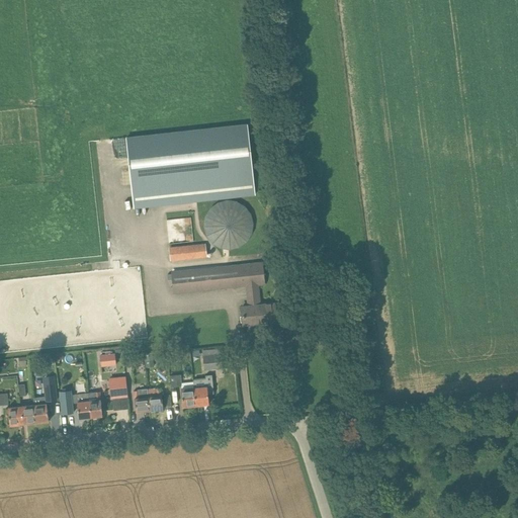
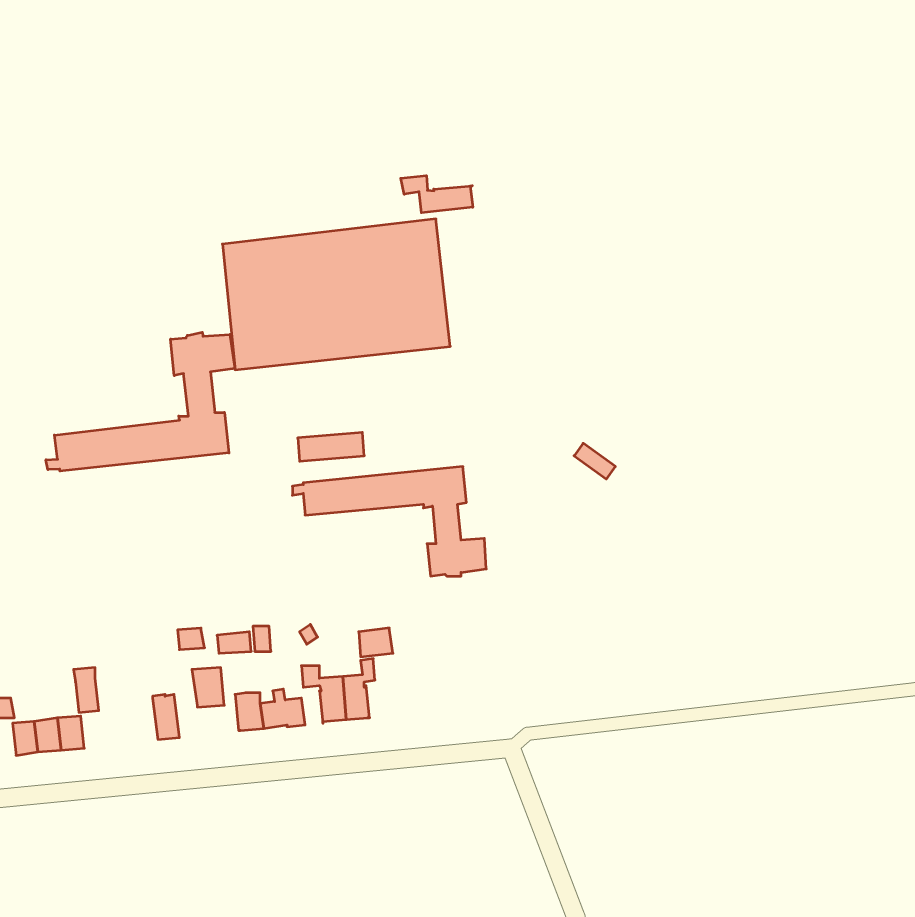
building: none -> [401,176,473,213]
building: none -> [46,332,235,471]
building: [204,200,252,249] -> none
building: [58,391,89,418] -> none

